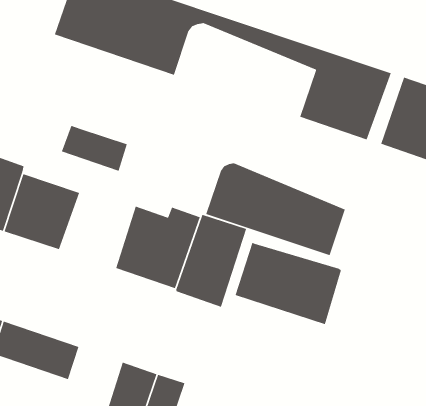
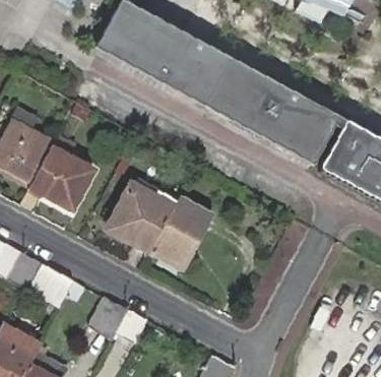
building: [61,125,128,172] -> none
building: [205,163,346,256] -> [178,57,281,137]
building: [234,242,342,325] -> none

